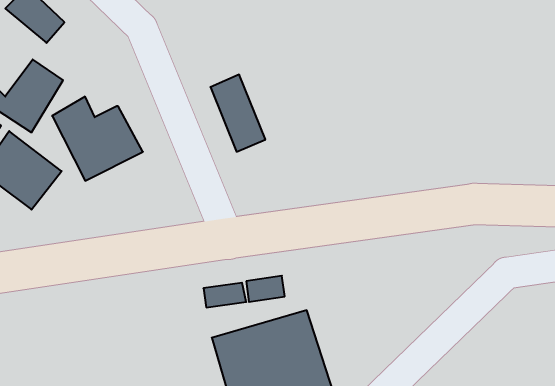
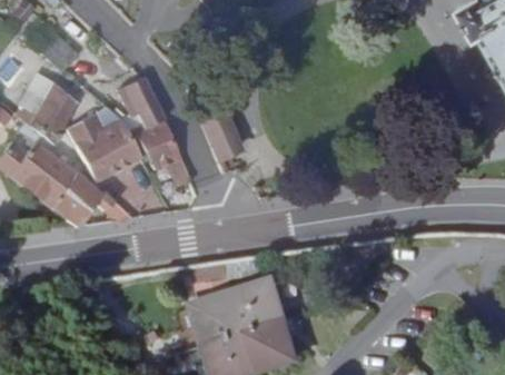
building: none -> [111,75,187,186]
building: none -> [47,172,130,227]

